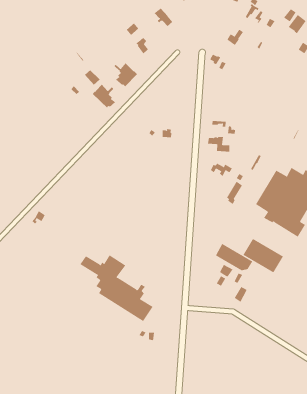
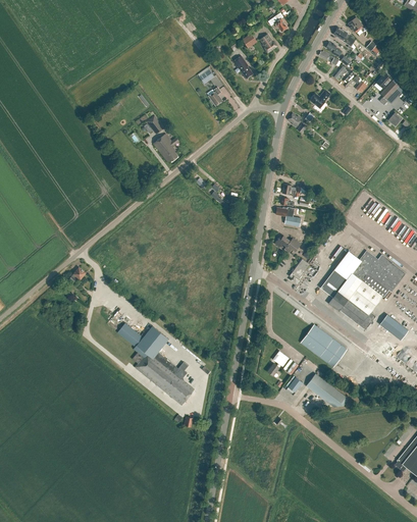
building: [114,63,138,87] -> none
building: [215,243,253,271] -> [306,373,348,407]

